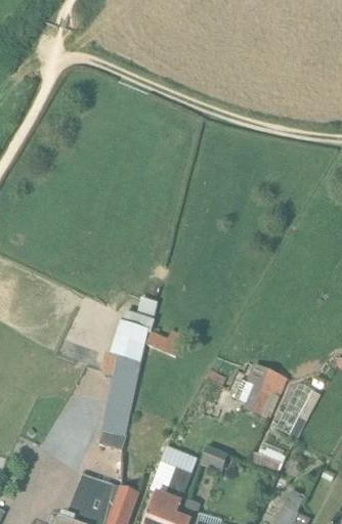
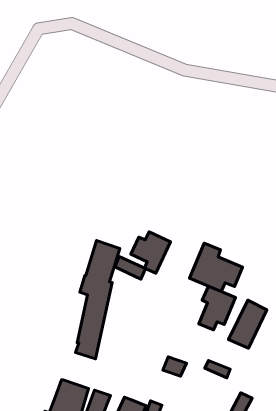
building: none -> [131,232,170,273]
building: none -> [189,243,243,291]
building: [164,460,195,505] -> none

